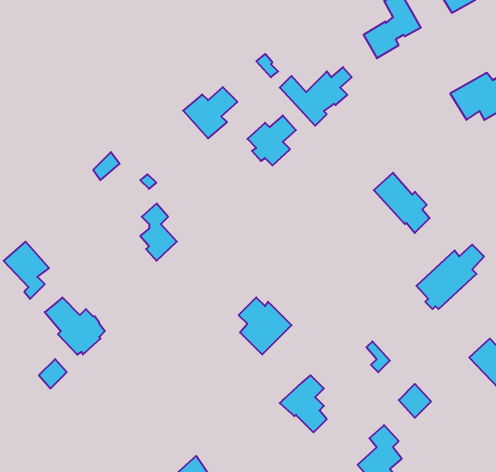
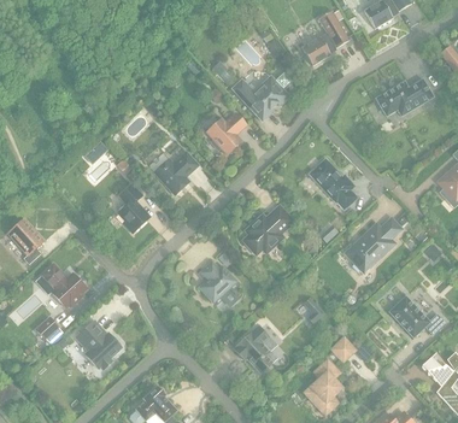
building: [183,87,237,138] -> [153,152,198,194]
building: none -> [243,206,292,252]
building: none -> [74,319,121,368]

